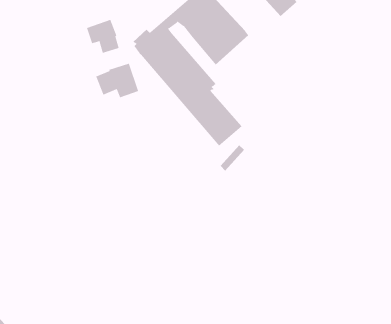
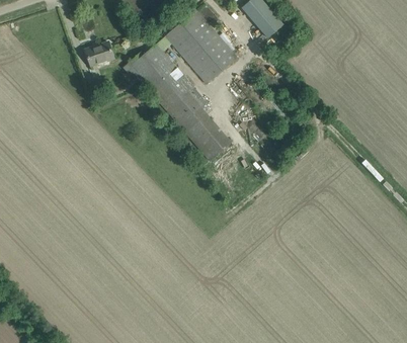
building: [96,63,139,98] -> none

